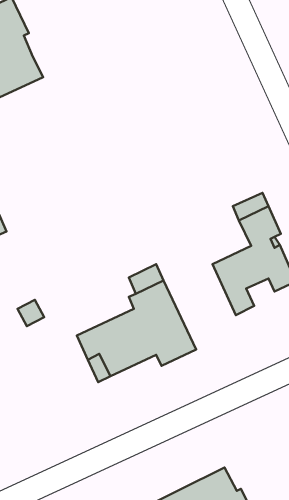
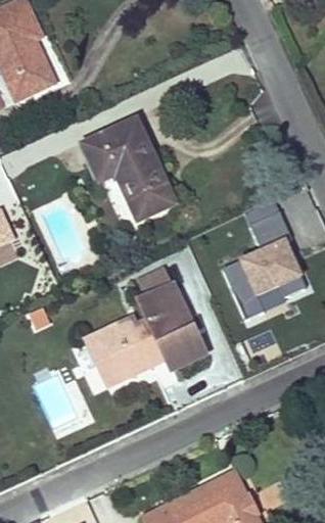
building: none -> [84,118,174,217]

